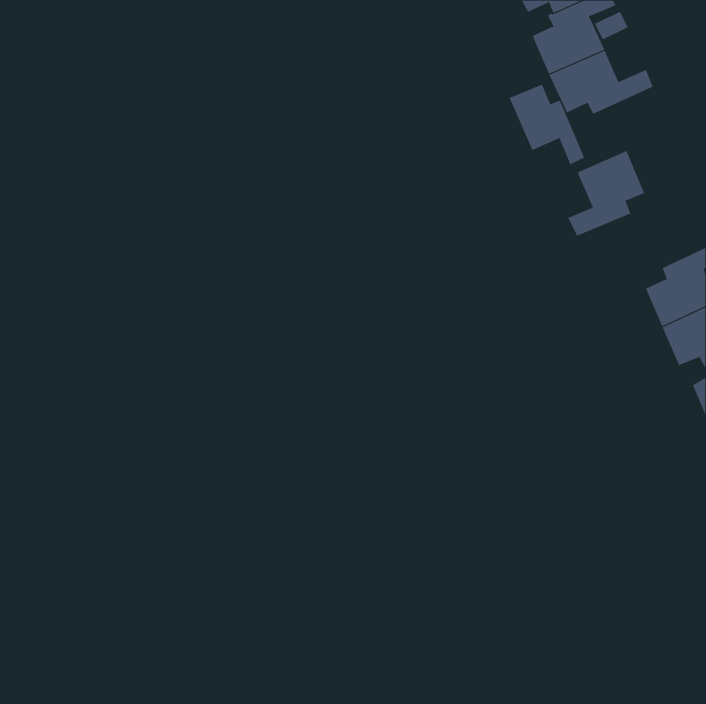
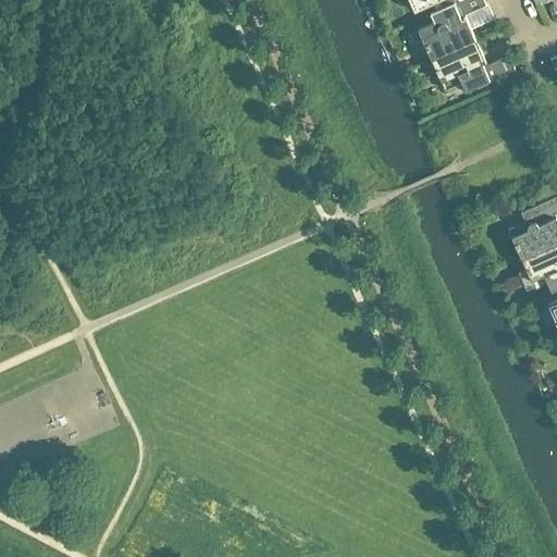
building: [509,84,585,165] -> none
building: [568,150,645,237] -> none

